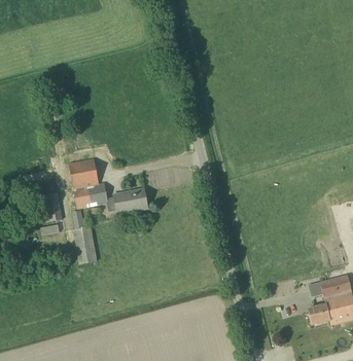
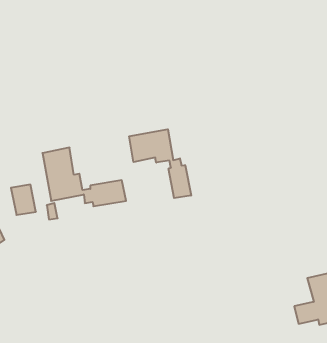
building: none -> [129,129,191,198]
building: [73,225,96,263] -> none

